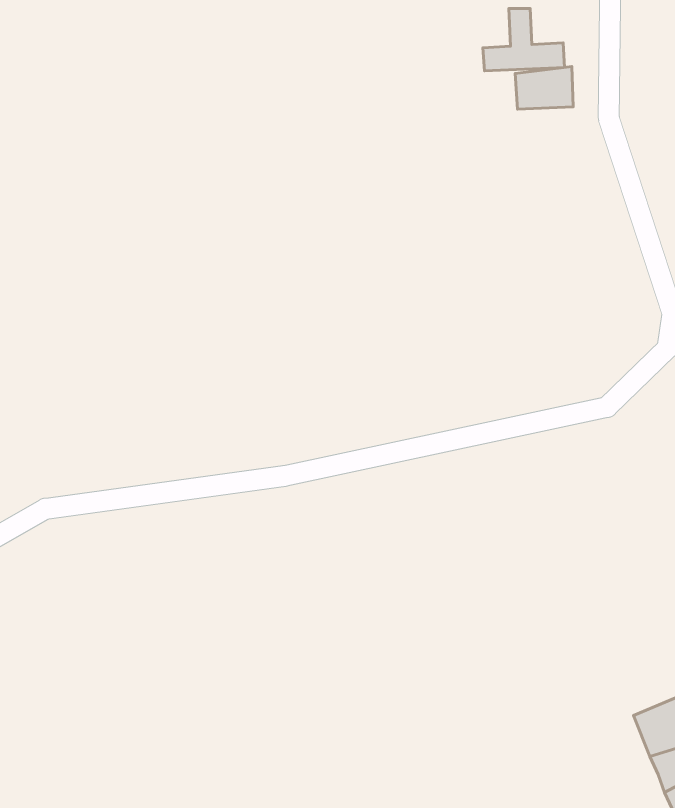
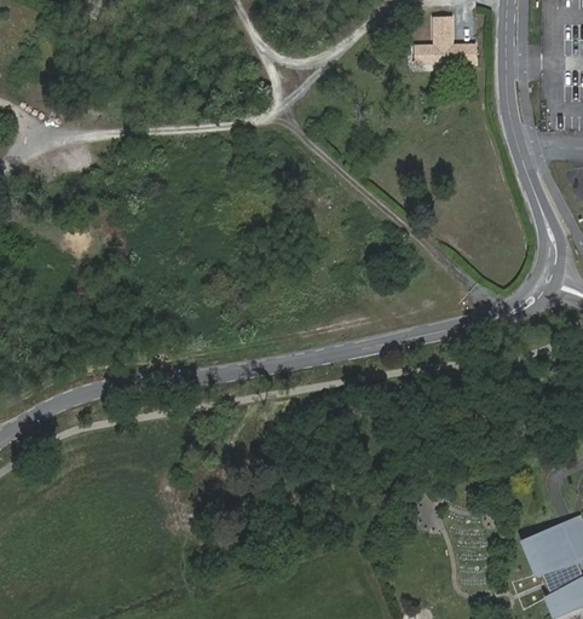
building: [515,67,573,109] -> none

